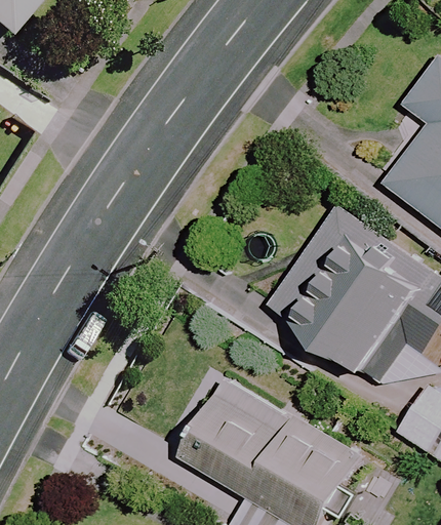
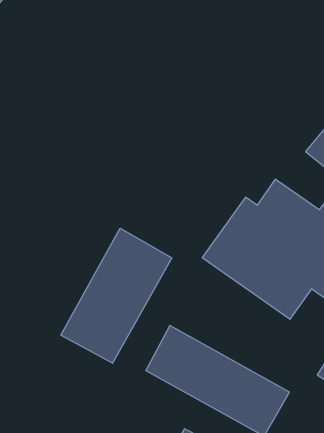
building: none -> [61,228,172,363]

